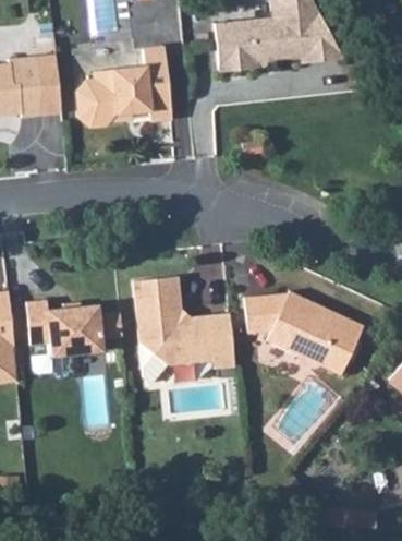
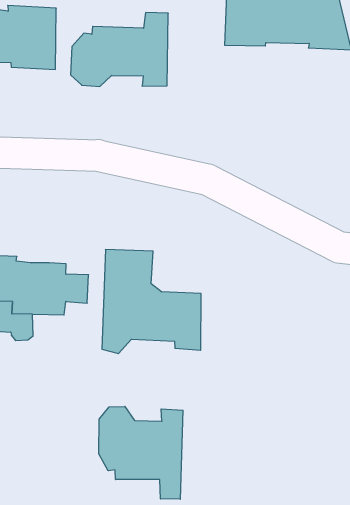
building: [244,287,361,370] -> none
building: none -> [99,406,183,499]

